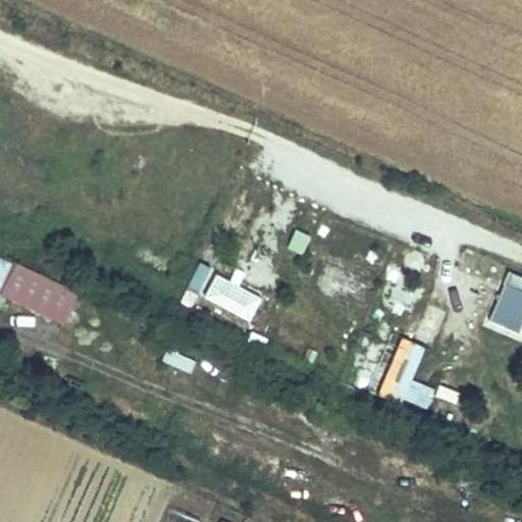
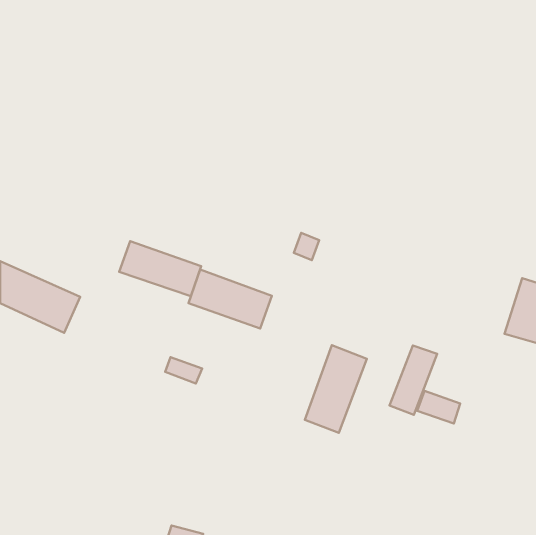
building: none -> [119,241,201,296]
building: none -> [305,345,367,433]

